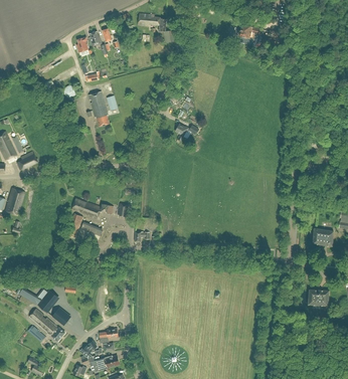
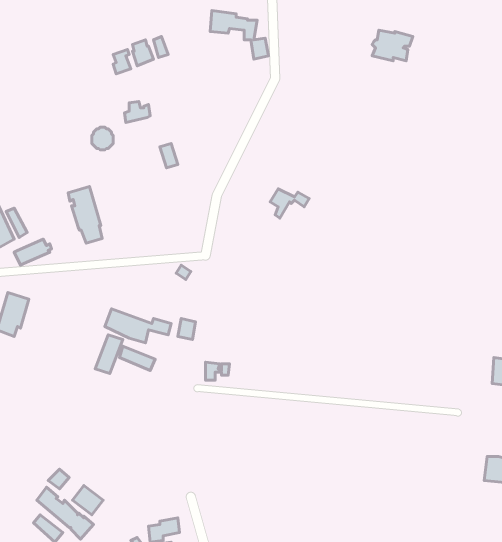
building: [88,91,109,127] -> [68,187,102,243]

